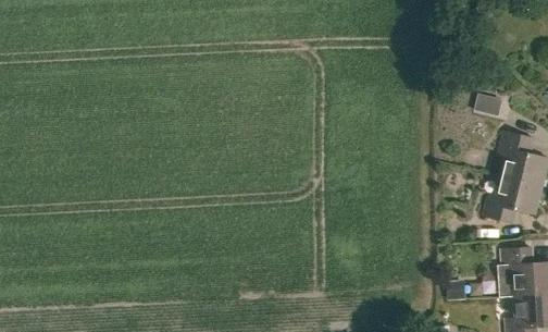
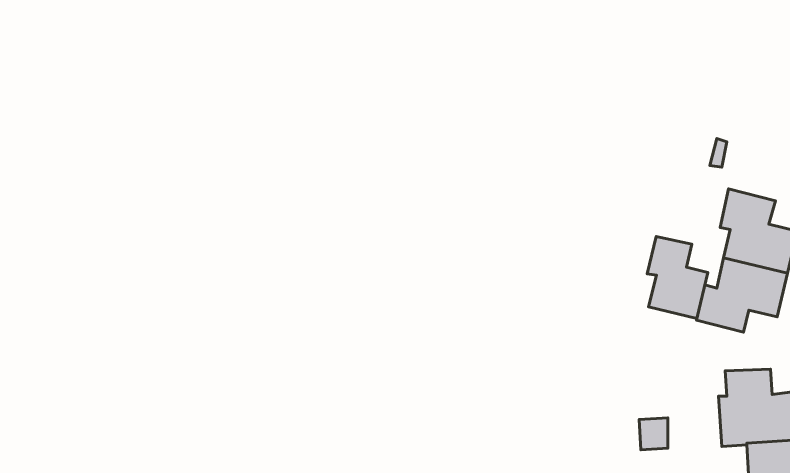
building: none -> [647,237,708,318]

